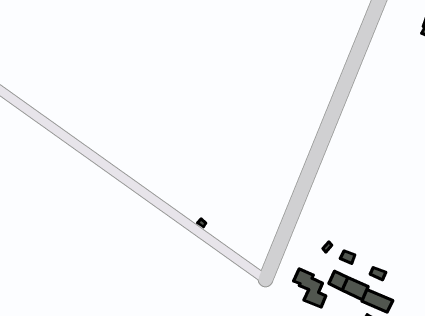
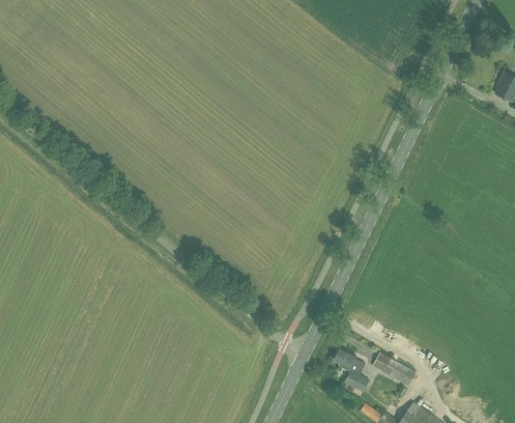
building: [362,290,393,312] -> none

